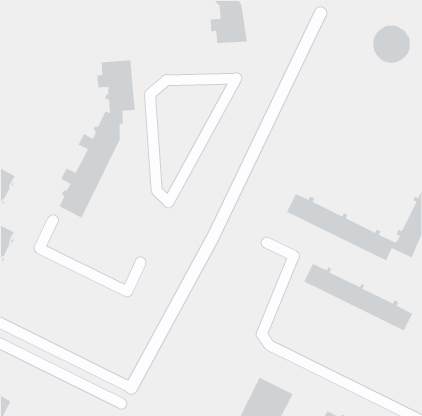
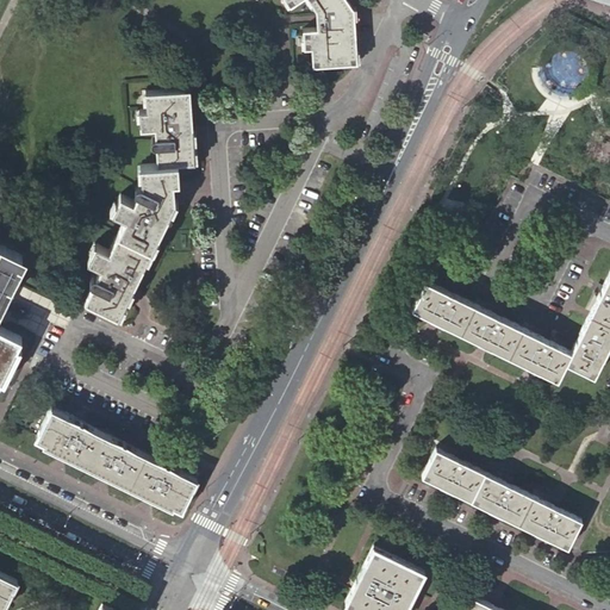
building: [303,263,413,331] -> [423,454,581,553]
building: none -> [37,413,197,515]

